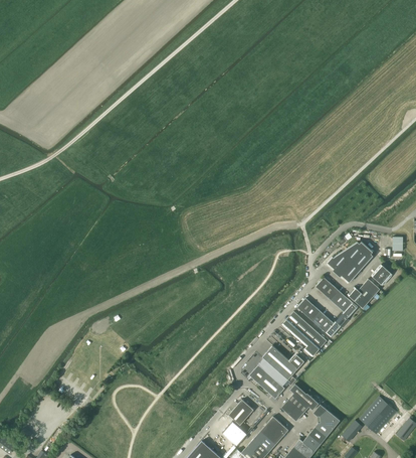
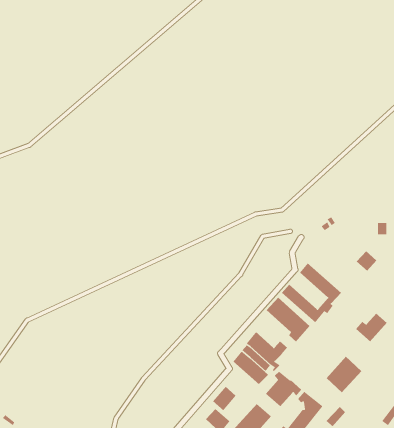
building: [328,242,373,282] -> none
building: [348,279,380,308] -> [355,313,387,342]
building: [360,397,396,434] -> [326,356,362,393]

